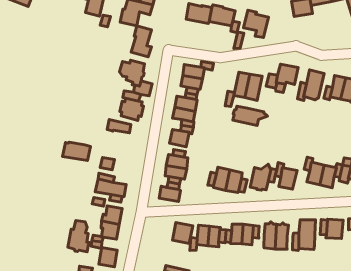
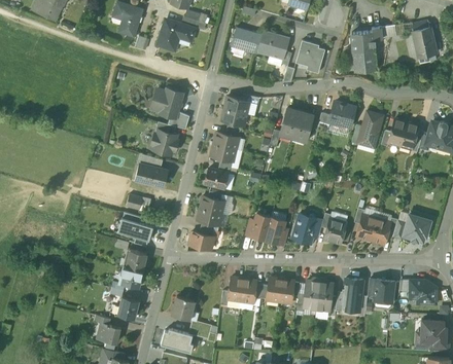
building: none -> [353,48,376,72]
building: [131,26,152,57] -> none
building: [233,106,268,126] -> none
building: [63,142,90,160] -> [135,166,167,187]
building: [68,220,89,252] -> none
building: [172,222,193,244] -> [172,296,196,321]

